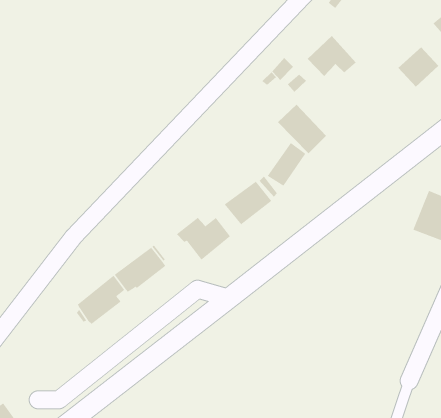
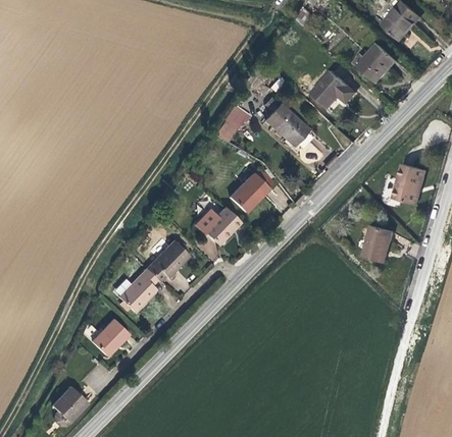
building: [307,35,357,77] -> [312,71,354,107]
building: [267,142,306,187] -> [215,105,246,143]
building: none -> [360,222,392,261]
building: none -> [89,318,125,356]

